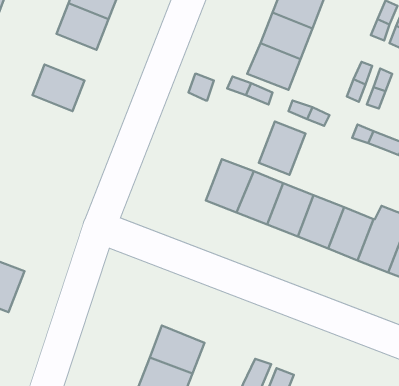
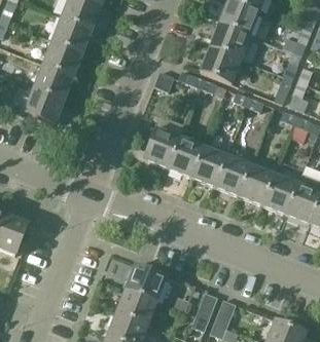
building: none -> [43,40,83,76]
building: none -> [24,87,65,124]
building: [259,122,305,175] -> [144,127,180,168]

